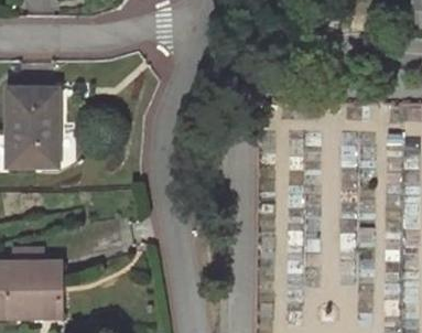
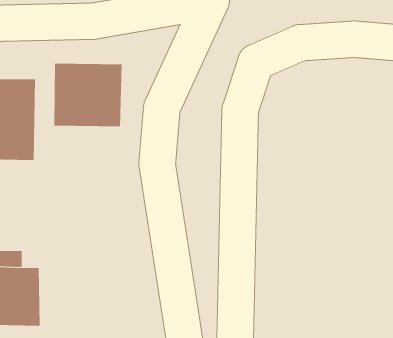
building: none -> [54,63,122,127]

